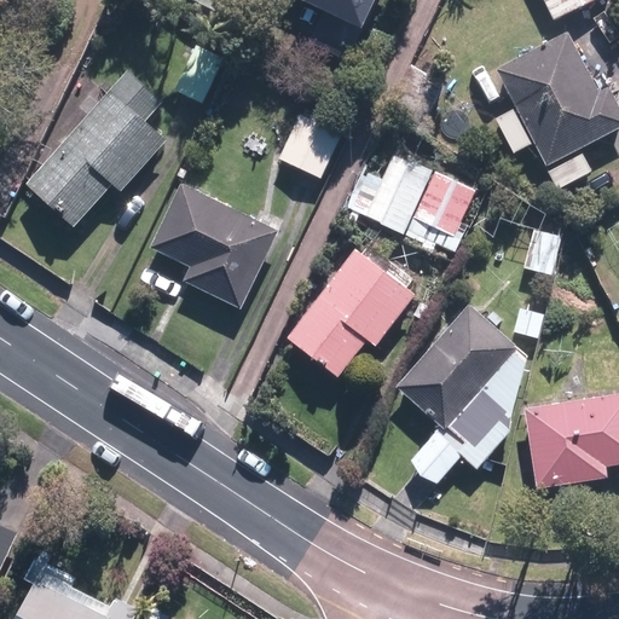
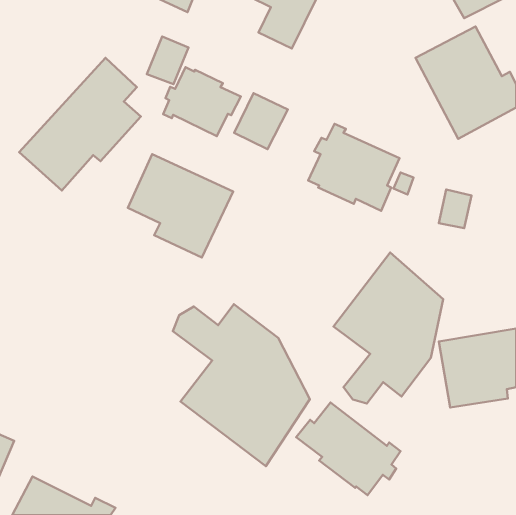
building: none -> [163,67,241,136]
building: [287,248,415,376] -> none
building: none -> [173,304,310,466]
building: none -> [296,402,400,495]

